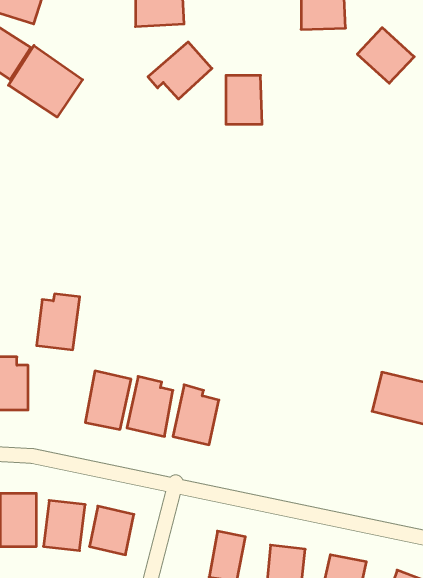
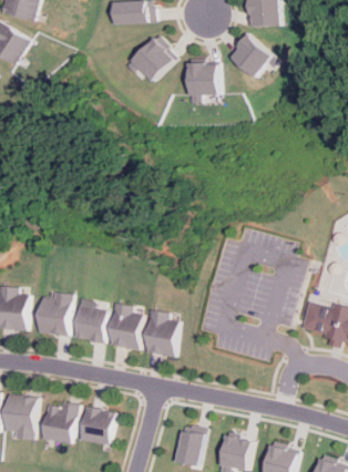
building: [357,28,414,83] -> [225,34,270,79]
building: [8,45,83,117] -> none
building: [37,294,80,350] -> [38,293,72,337]

